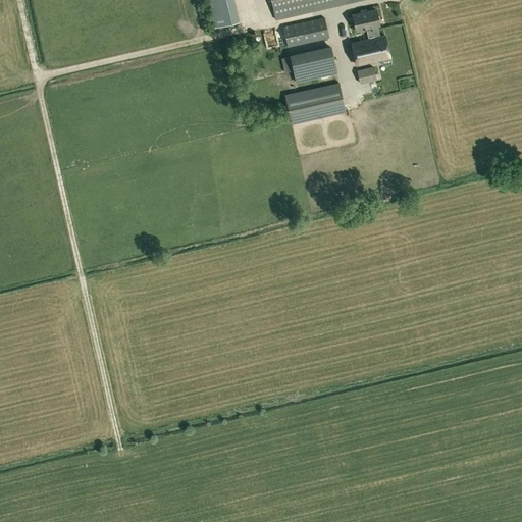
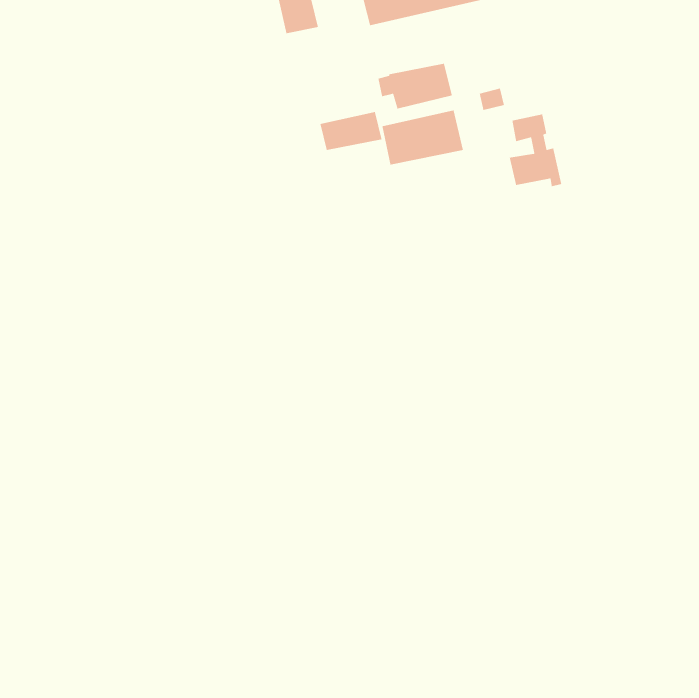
building: [351,9,390,64] -> [509,113,562,187]
building: [282,16,329,46] -> [319,111,382,151]

